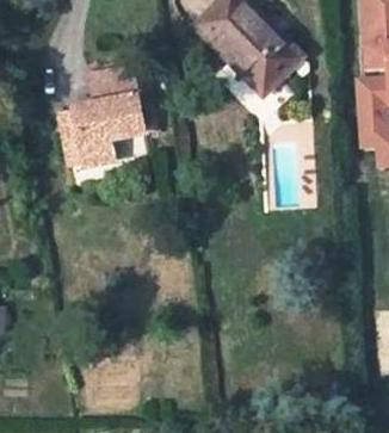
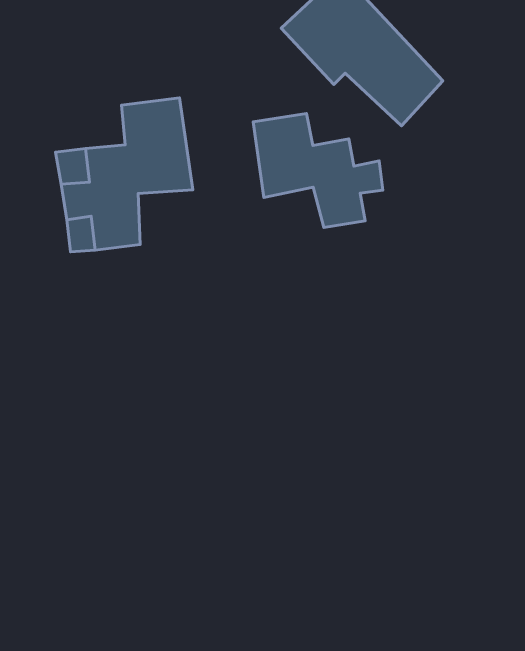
building: none -> [253,113,383,227]

